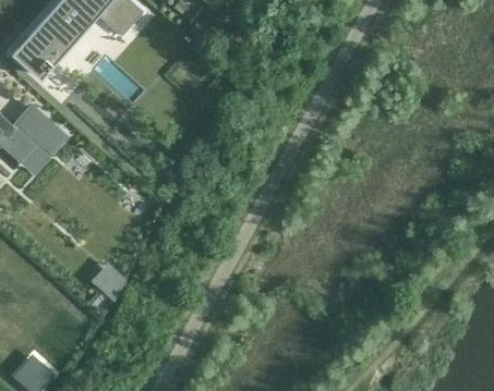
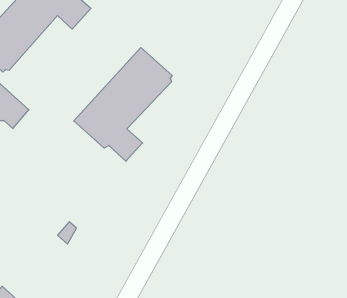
building: none -> [74,48,172,161]

